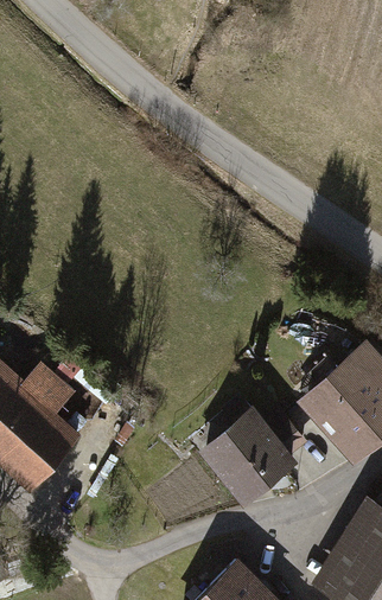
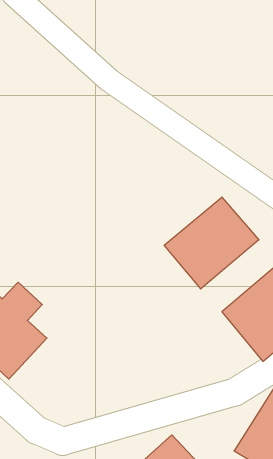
building: none -> [164,197,259,289]
building: [199,407,295,504] -> none

